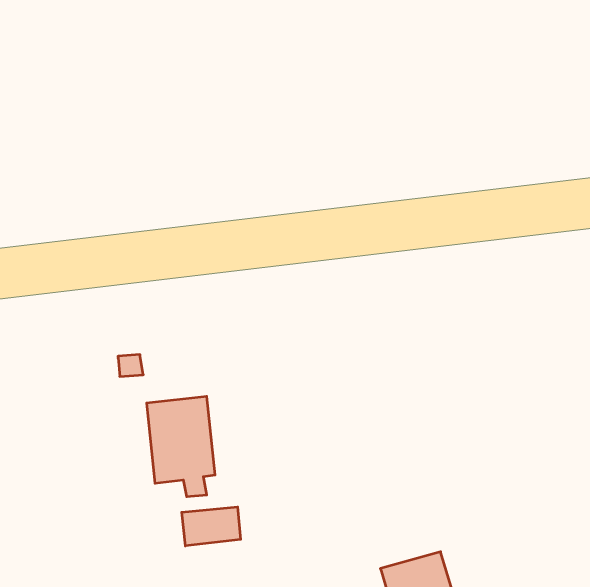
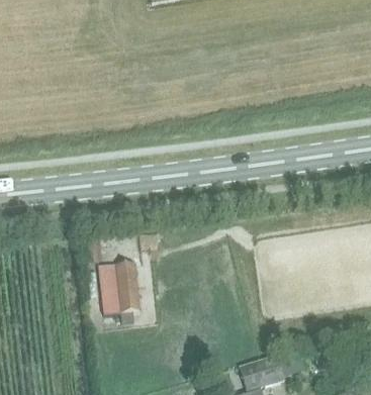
building: [182,507,241,546] -> none

